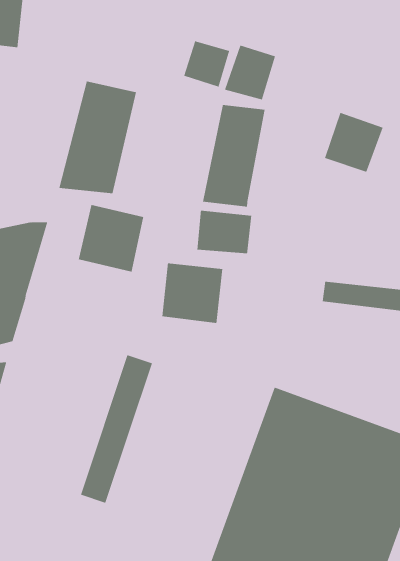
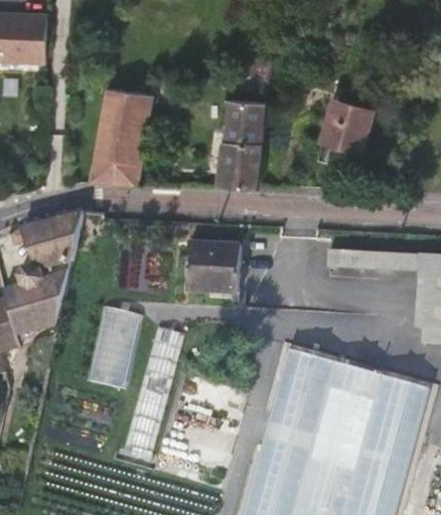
building: [183,40,230,87] -> none
building: [78,204,144,272] -> none
building: [197,210,252,254] -> none
building: none -> [92,306,140,386]

